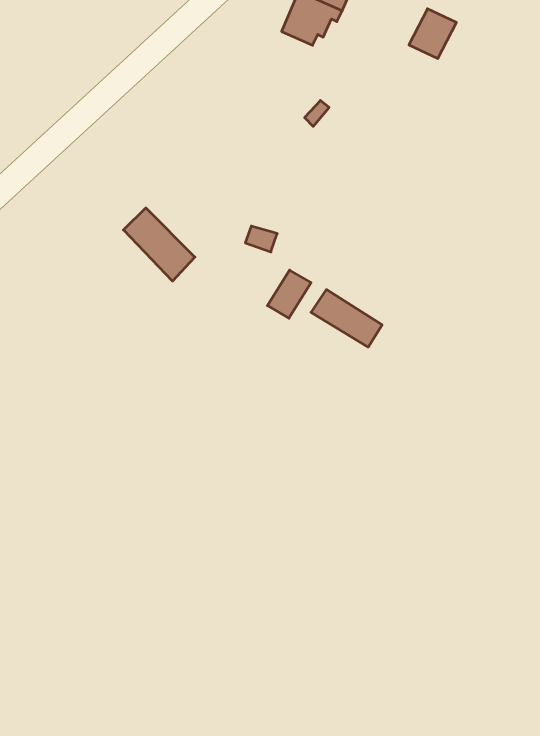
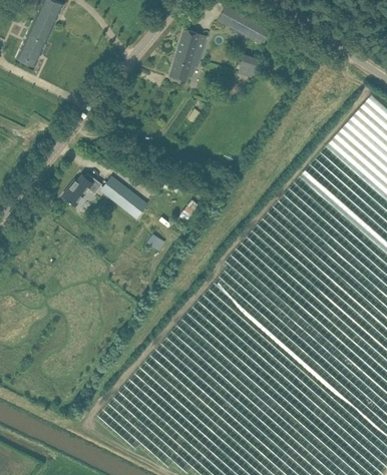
building: none -> [65,177,102,204]
building: [311,290,382,347] -> none

